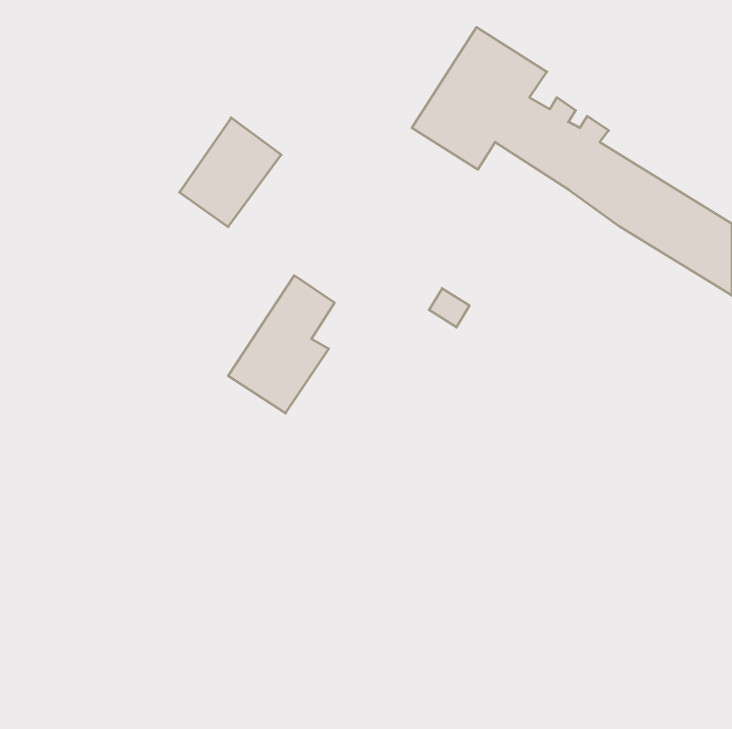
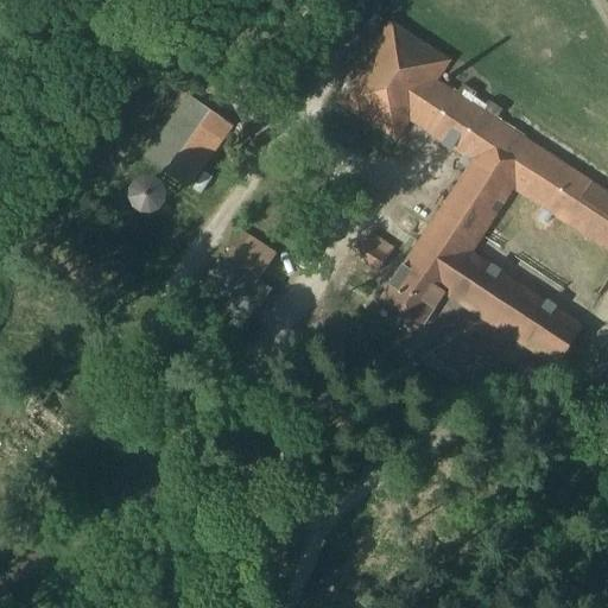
building: none -> [378,157,582,363]
building: none -> [129,176,167,215]

